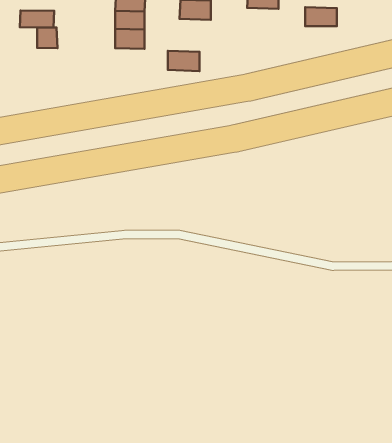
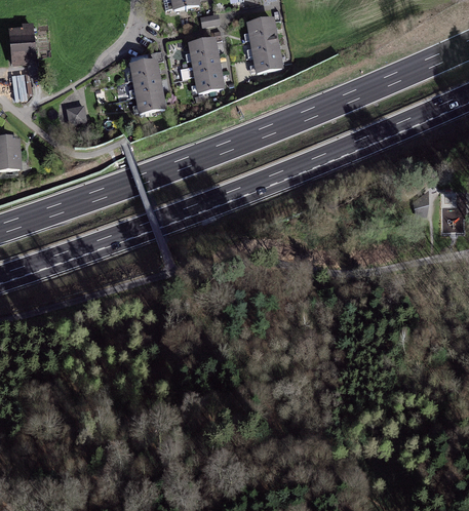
building: [305,7,337,26] -> [251,50,283,72]
building: [20,11,54,28] -> none
building: [168,51,199,71] -> [192,71,224,92]

